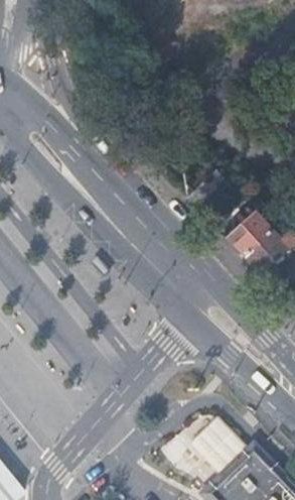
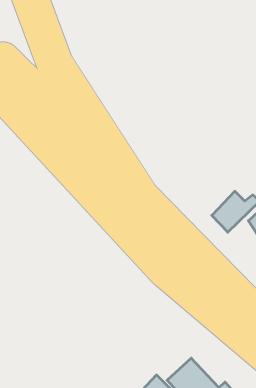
building: [223,208,266,256] -> none

